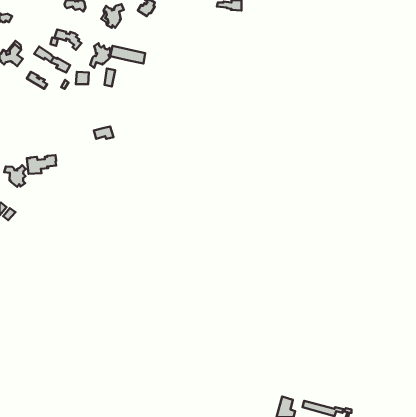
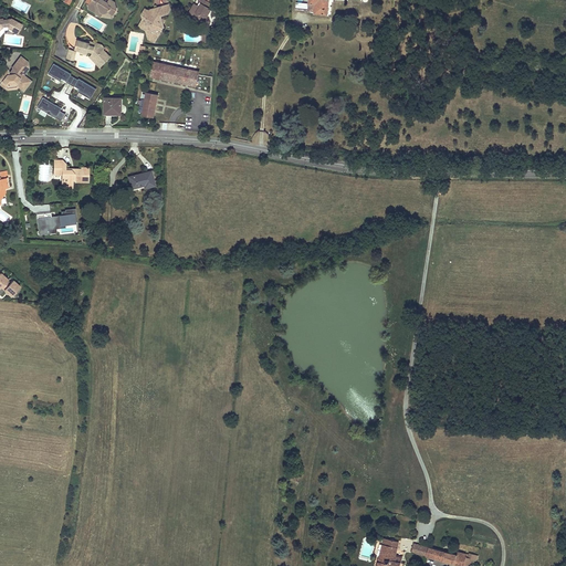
building: [90,43,110,68] -> none
building: none -> [53,159,88,187]
building: [4,165,26,187] -> none

